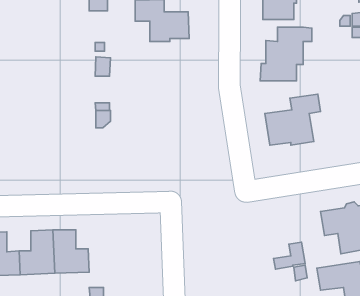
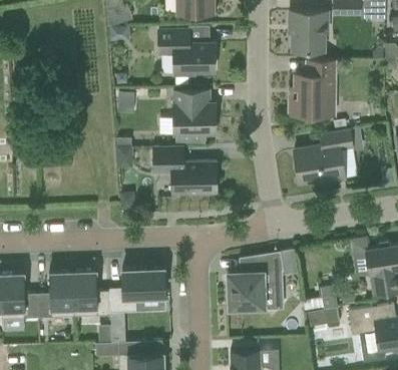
building: none -> [173,90,216,134]
building: none -> [153,146,217,195]
building: none -> [228,251,283,308]
building: none -> [109,268,165,312]

